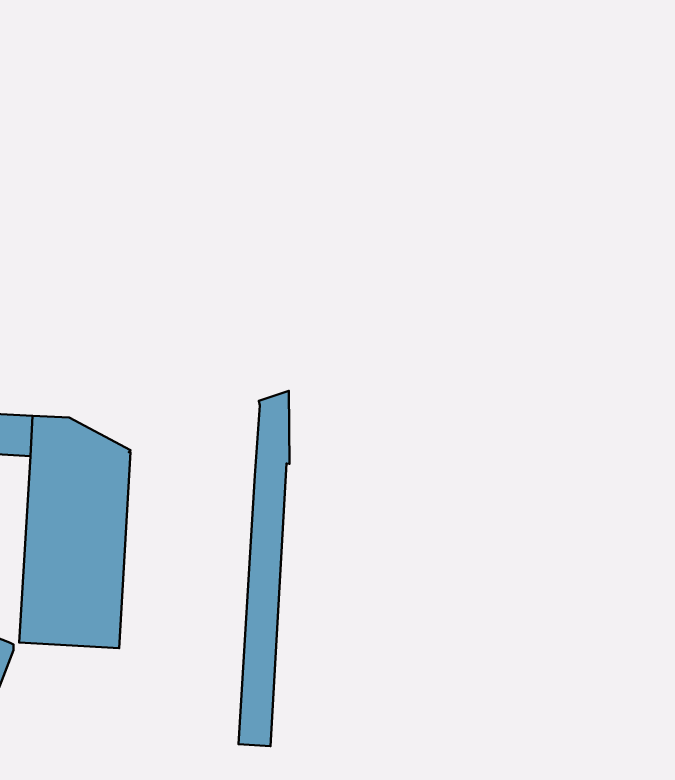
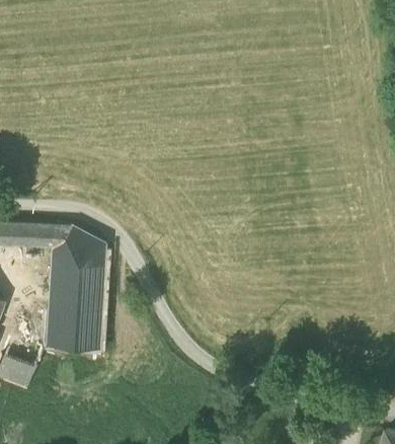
building: [239,391,290,746] -> none

